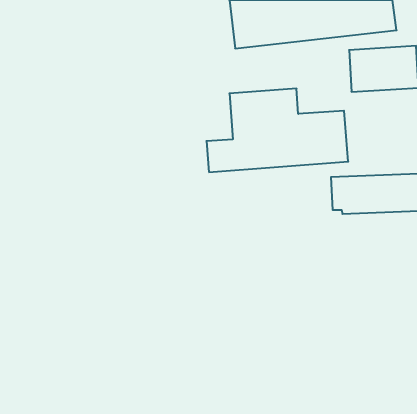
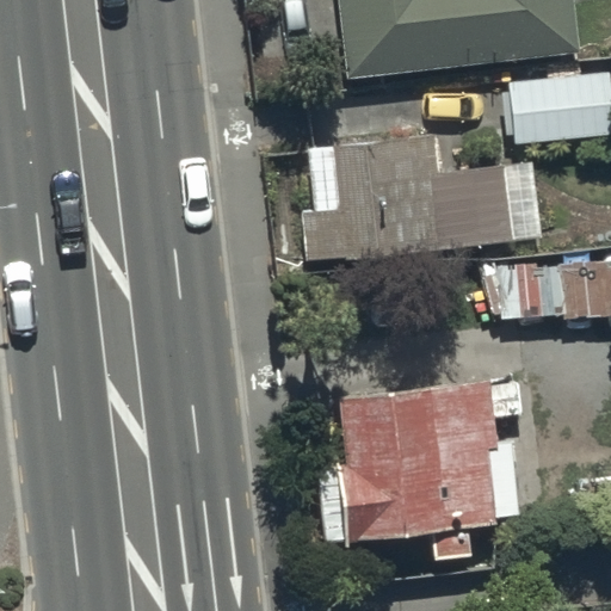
building: none -> [334,377,523,556]

